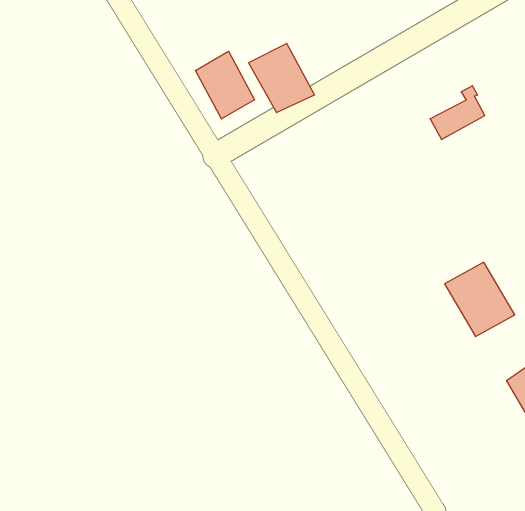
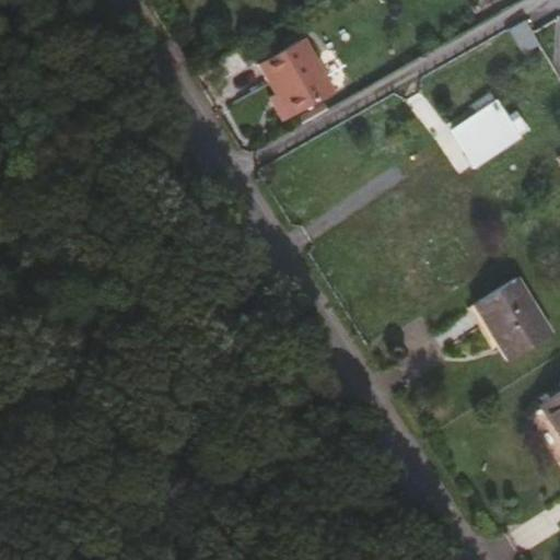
building: [195,51,255,119] -> none

